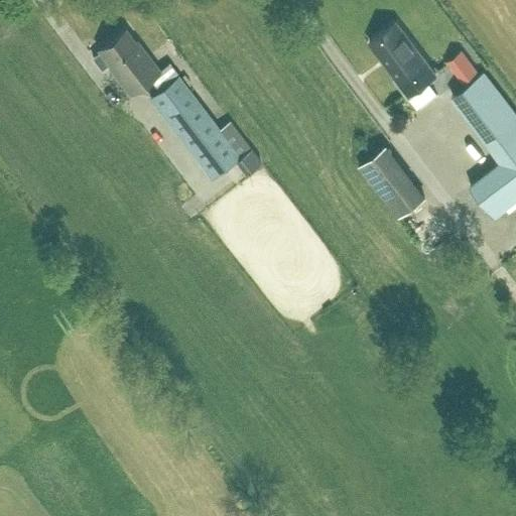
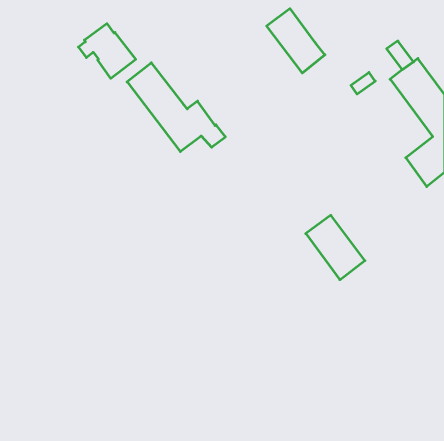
building: [369,24,436,99] -> [267,9,325,73]
building: [359,146,427,221] -> [306,215,365,280]

